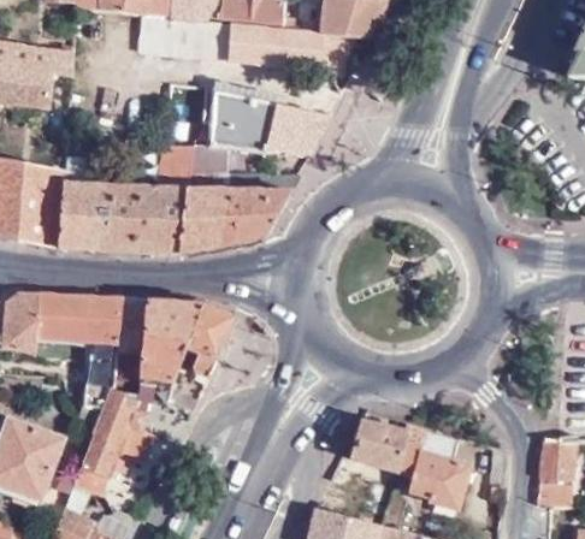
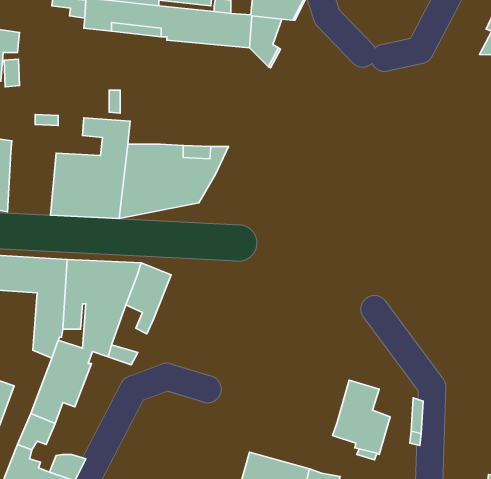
building: [187,89,326,173] -> none
building: [55,182,108,250] -> none
building: [355,411,427,476] -> none
building: [540,442,574,482] -> none

